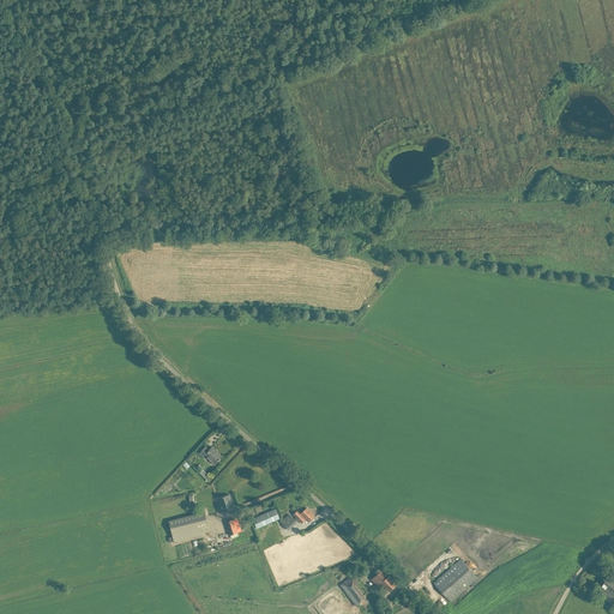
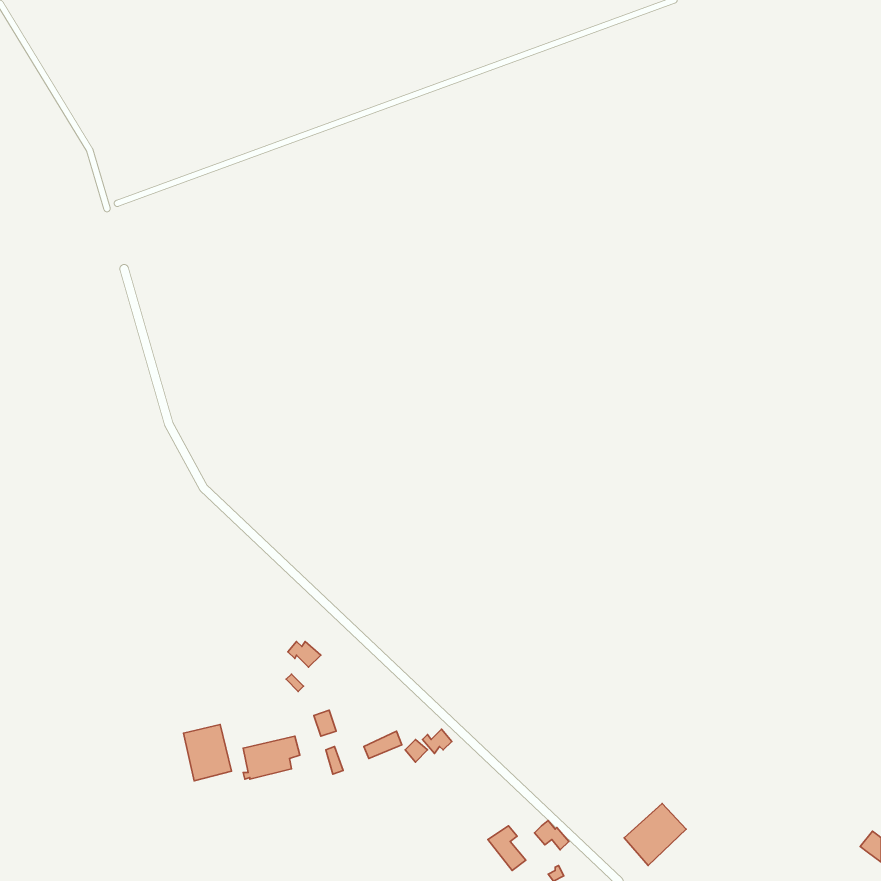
building: none -> [184,724,232,781]

